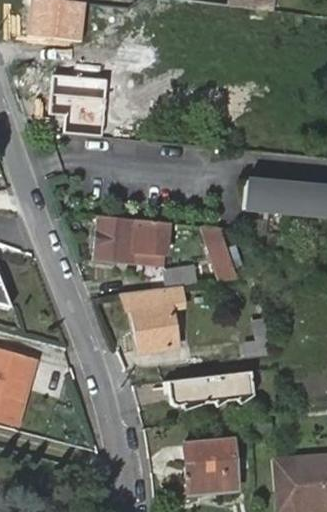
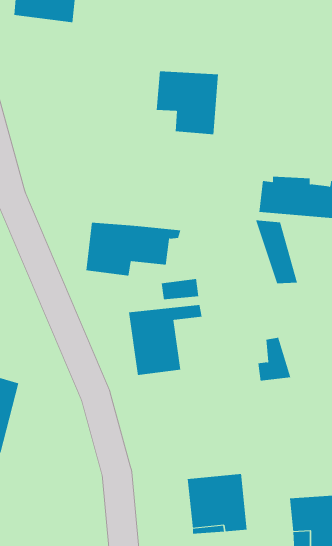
building: [51,76,107,133] -> [156,71,219,135]
building: [201,226,239,283] -> [255,220,298,284]
building: [163,371,252,412] -> none

